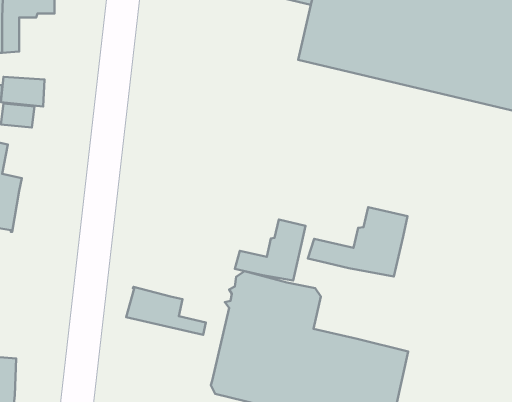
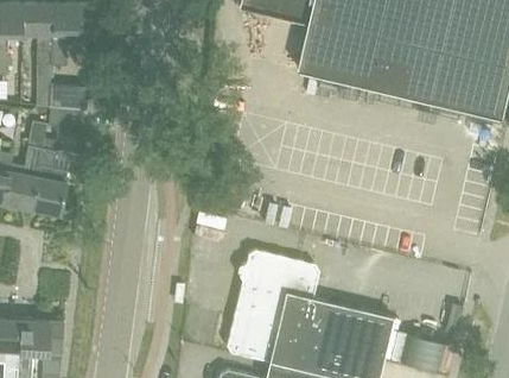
building: [308,207,408,277] -> none
building: [235,220,306,281] -> none
building: [126,287,206,335] -> none

